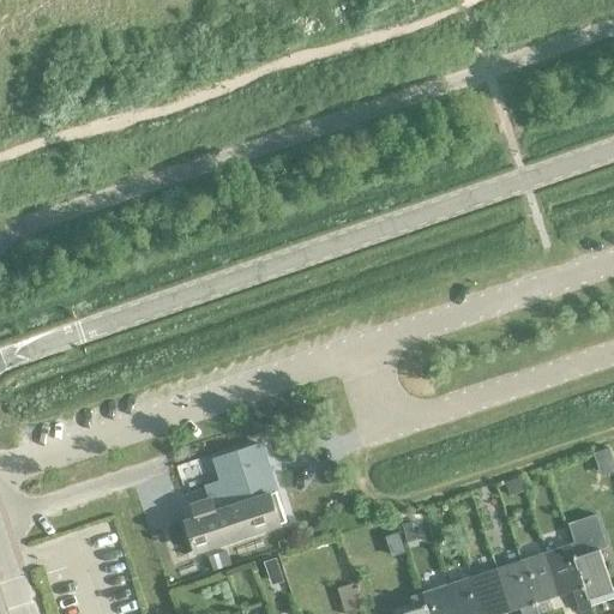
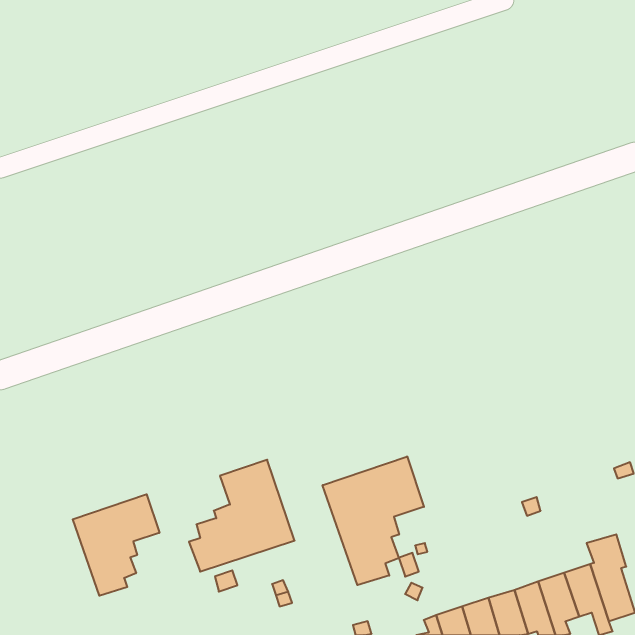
building: none -> [323,456,424,585]
building: none -> [73,494,159,596]

